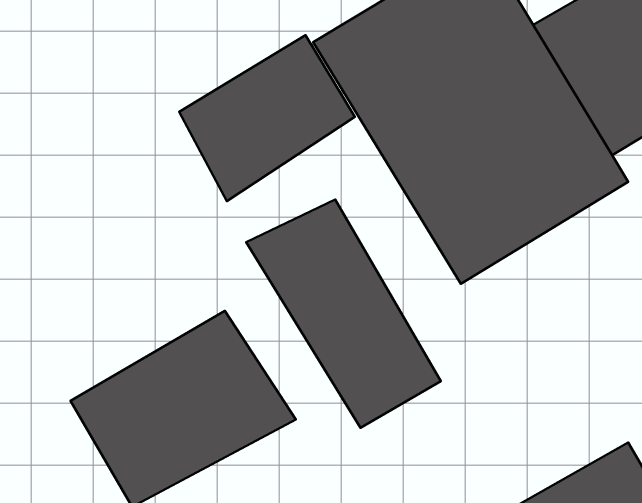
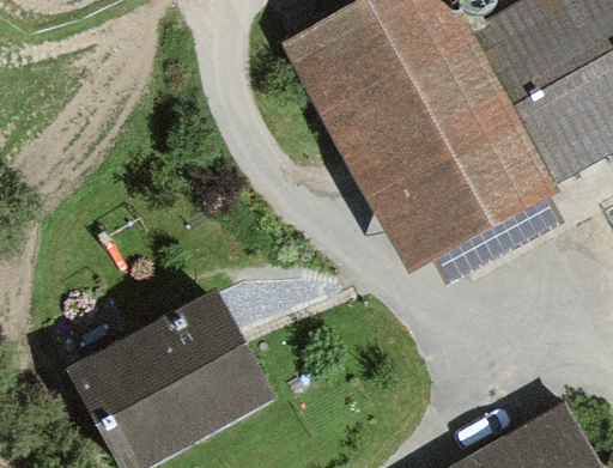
building: [179,35,355,201] -> none
building: [246,199,441,428] -> none

